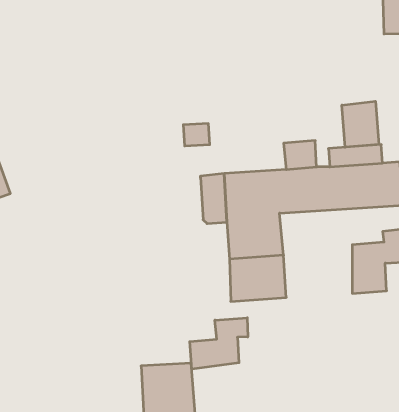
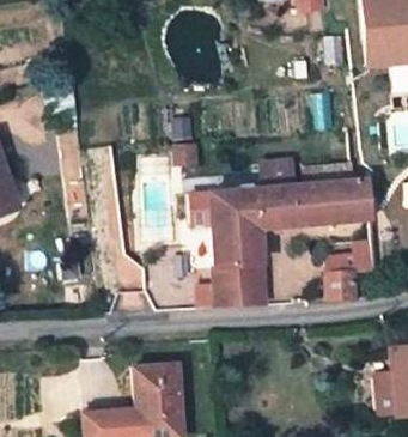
building: [342,101,379,147] -> none
building: [190,318,248,369] -> none

